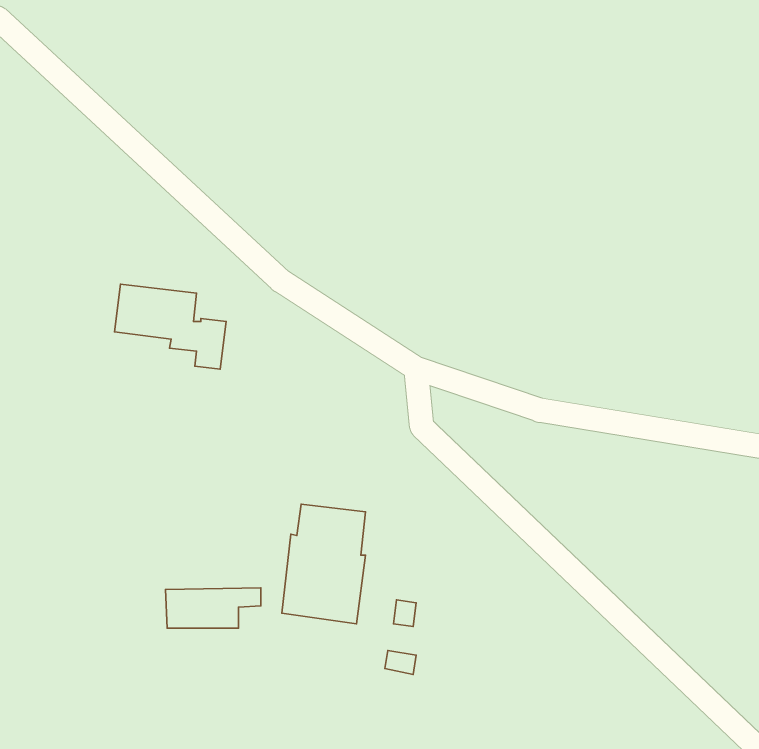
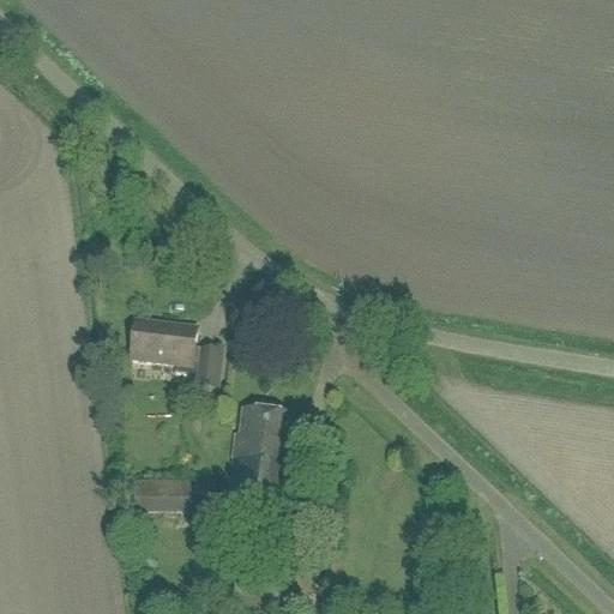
building: [114,284,226,369] -> [130,317,219,385]

